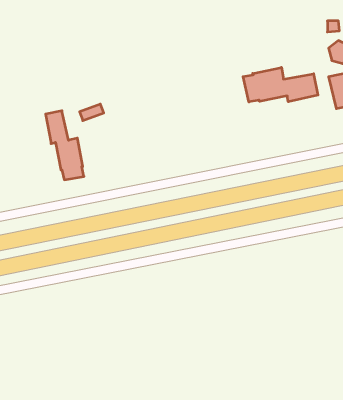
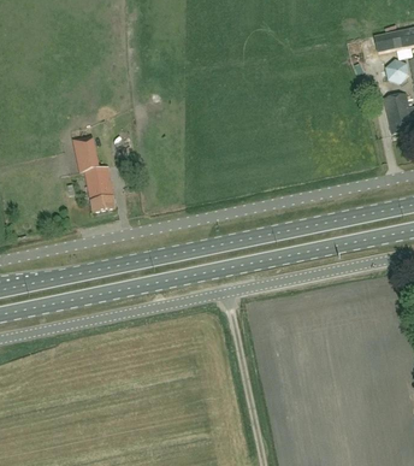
building: [243,67,318,102] -> none

